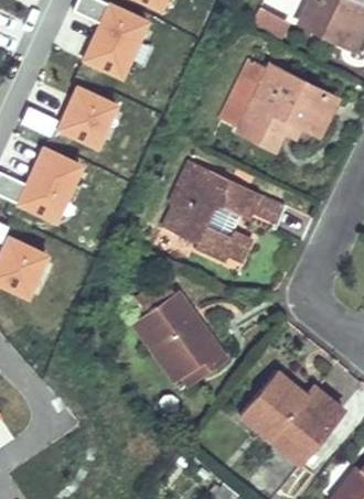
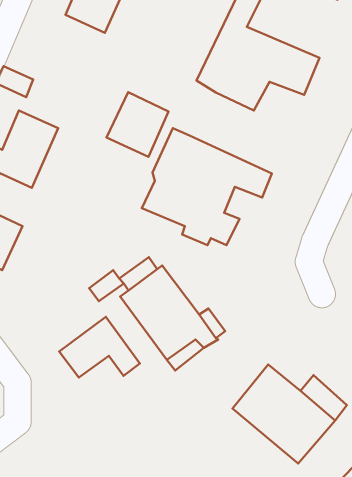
building: [62,86,119,145] -> [107,92,169,157]
building: none -> [59,317,140,377]

